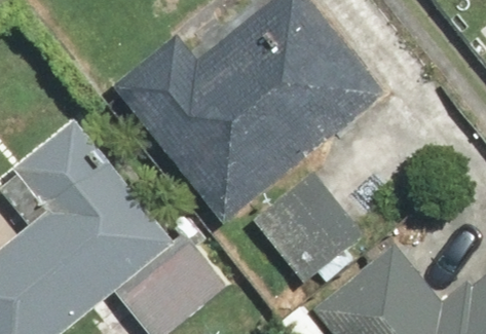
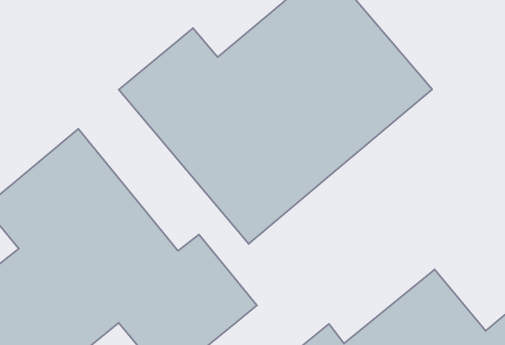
building: [250,169,368,287] -> none

